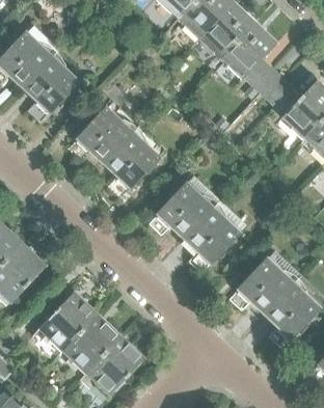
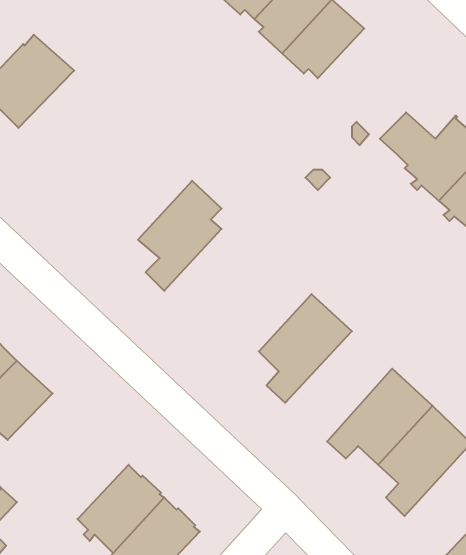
building: [223,23,282,97] -> none
building: [23,51,79,123] -> none
building: [69,106,139,164] -> none
building: [148,175,219,239] -> none
building: [38,293,97,351] -> none

